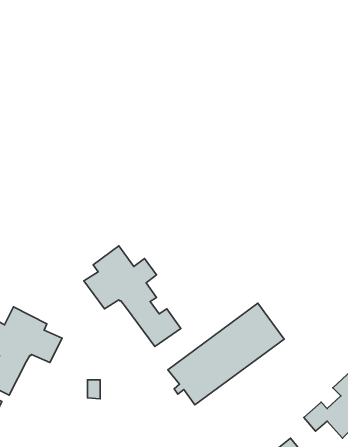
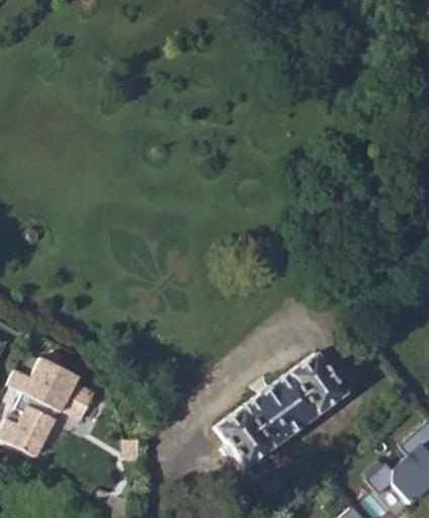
building: [84,246,181,347] -> none

